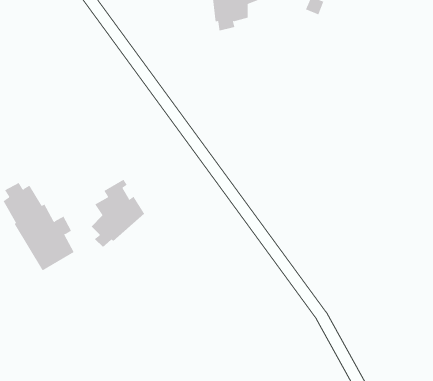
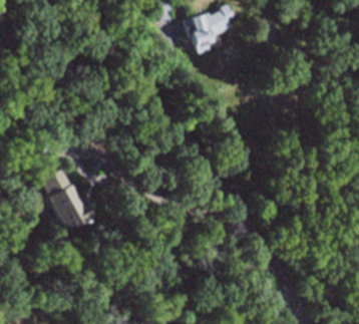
building: [91,179,145,248] -> none

